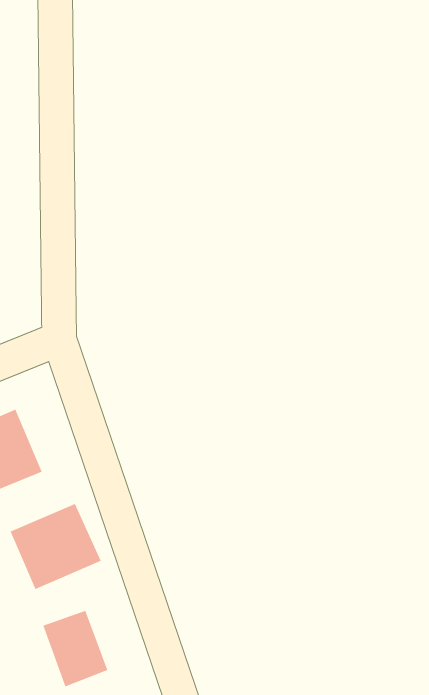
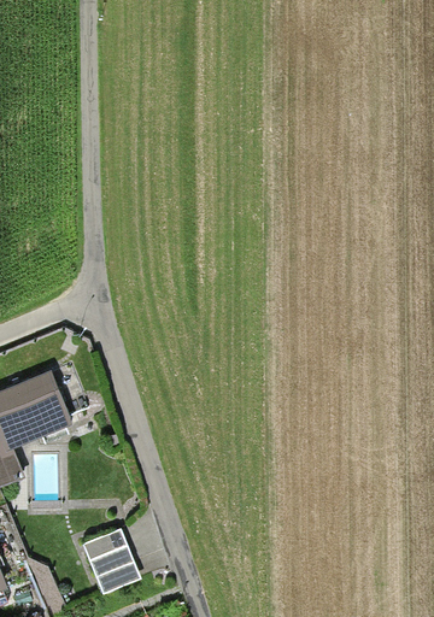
building: [10,503,101,590] -> none

